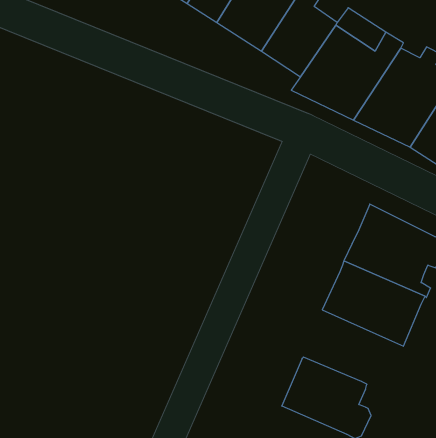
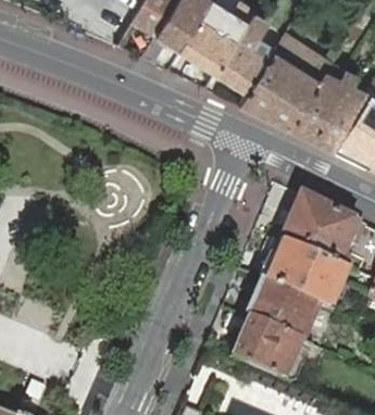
building: none -> [248,276,316,334]

